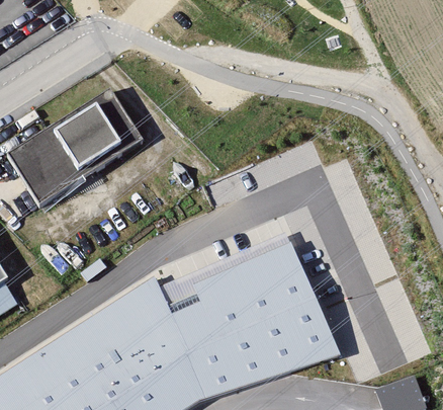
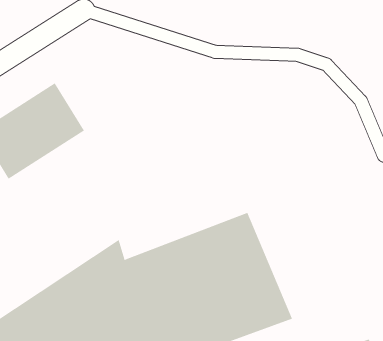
building: [90,92,143,155] -> none

